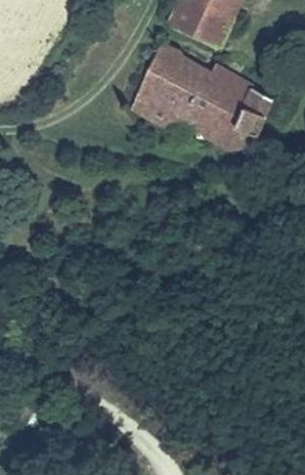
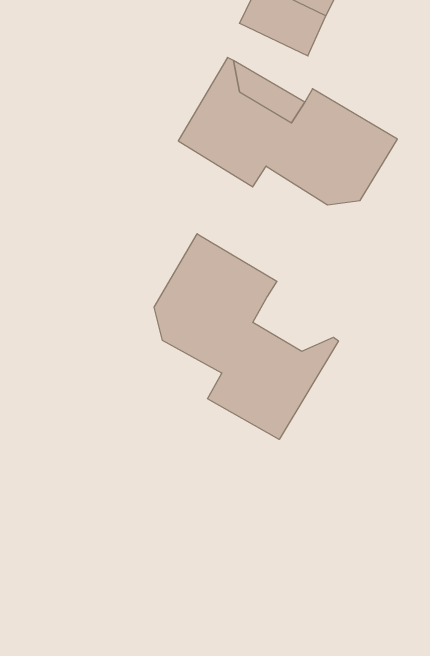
building: none -> [154,234,338,439]

